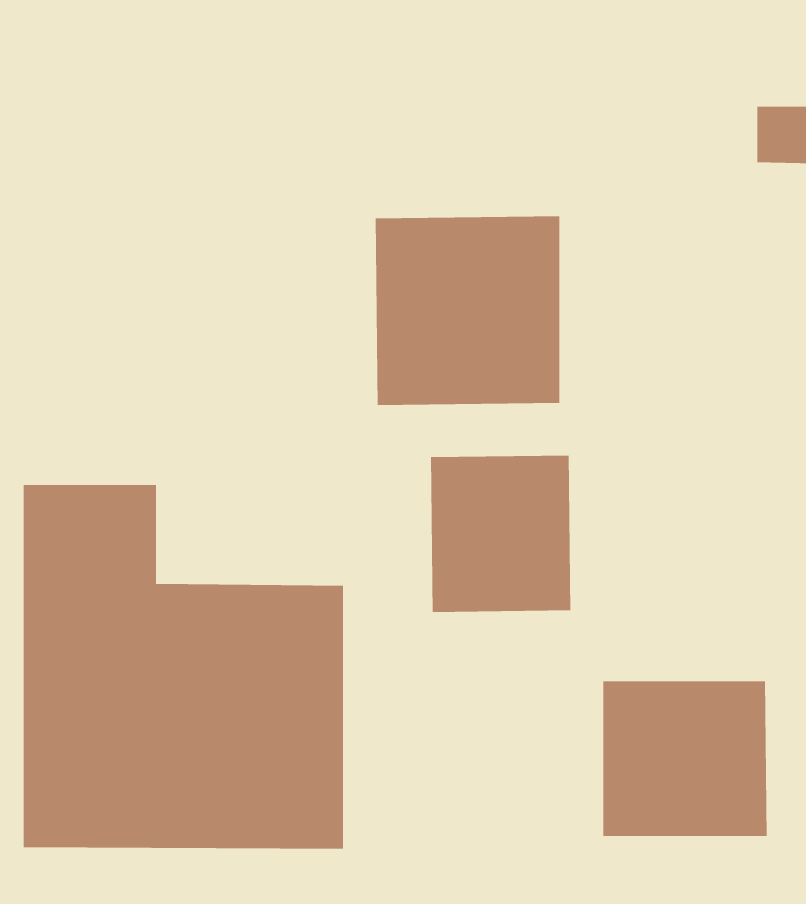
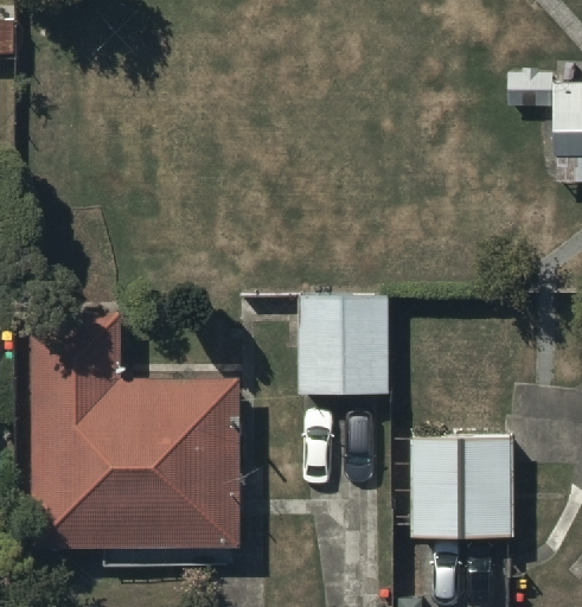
building: [375,216,560,406] -> none

